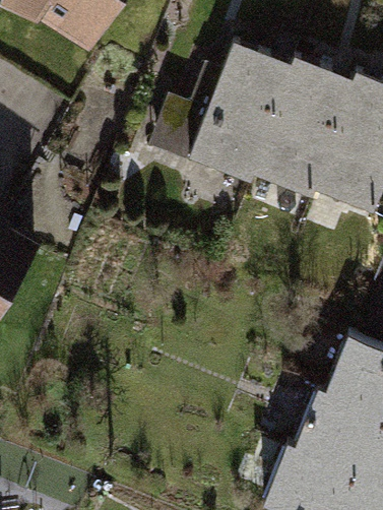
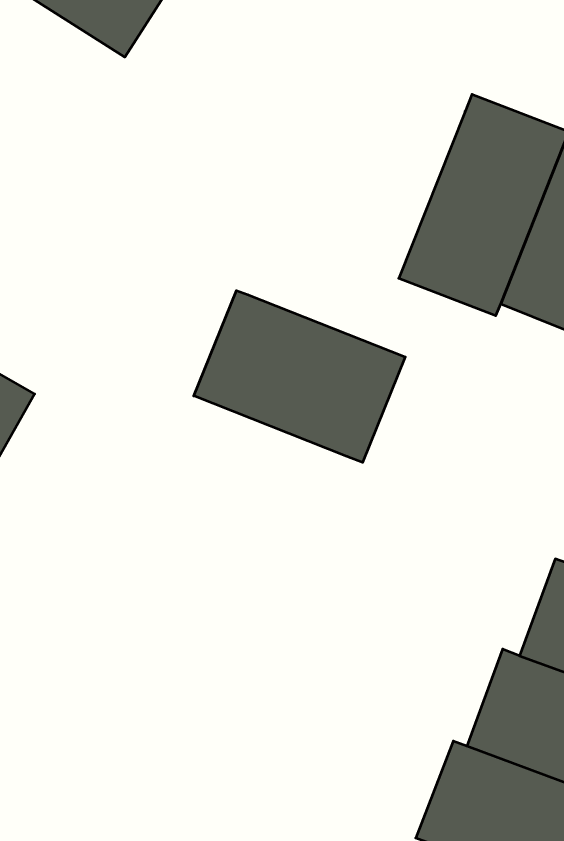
building: [191,48,293,180] -> none
building: none -> [194,291,405,462]

